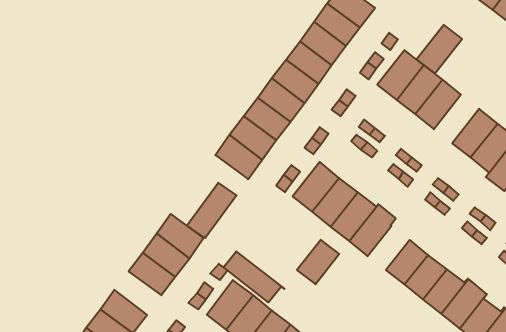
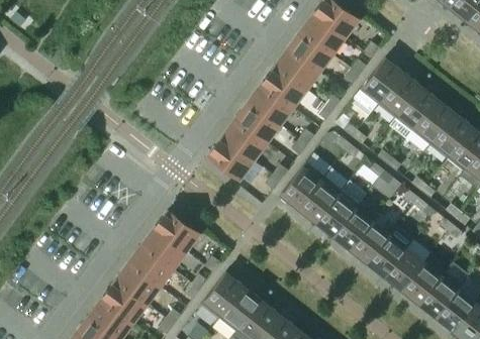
building: [417,25,462,74] -> [411,100,454,145]
building: [187,183,237,238] -> none
building: [297,240,339,284] -> [350,222,389,263]
building: [223,251,285,302] -> none
building: none -> [114,264,158,305]

